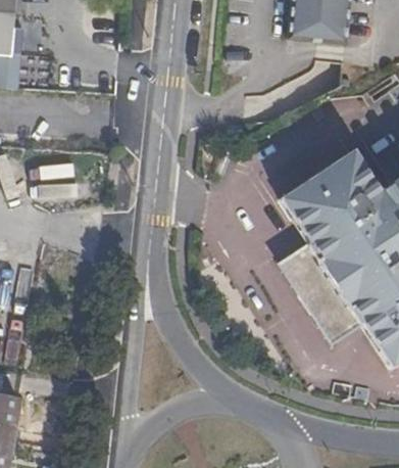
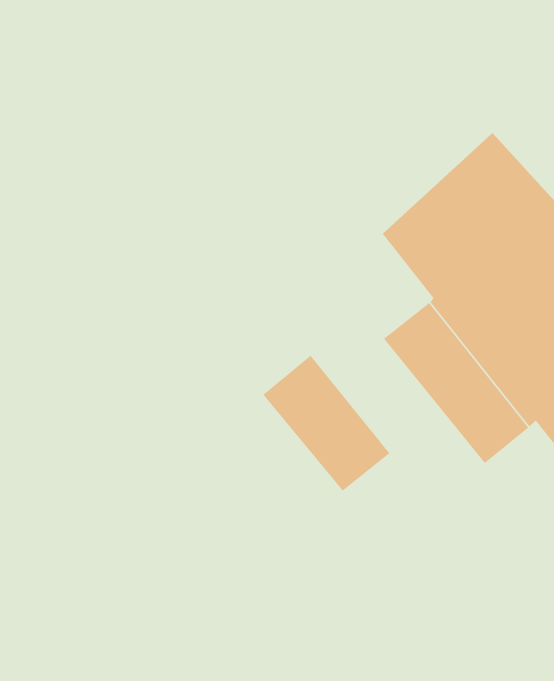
building: none -> [262,355,390,492]

